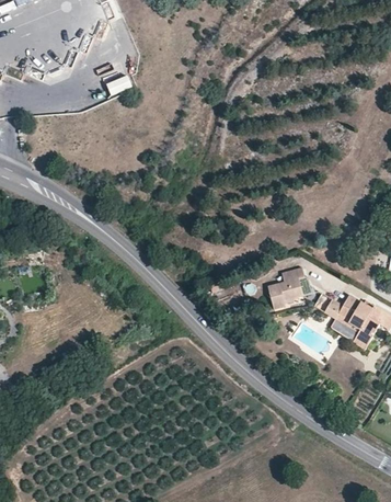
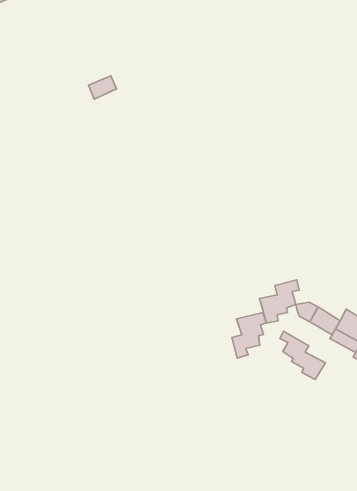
building: none -> [232,312,266,358]
building: none -> [280,331,325,379]

